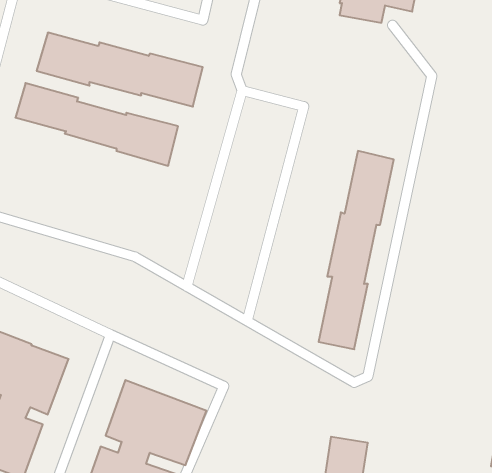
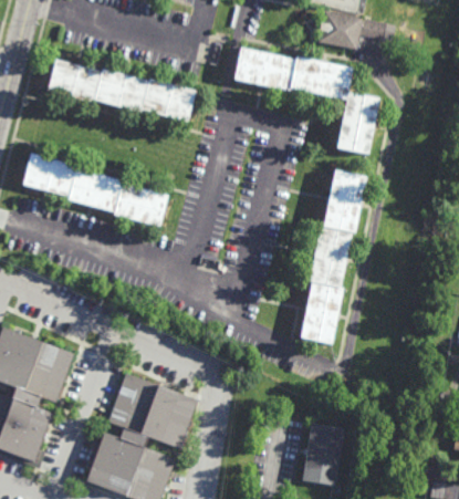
building: none -> [232,46,380,158]
building: [15,83,178,166] -> [22,152,168,226]

